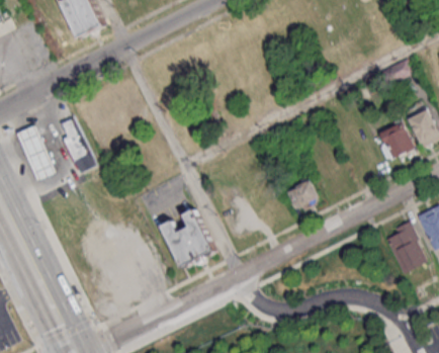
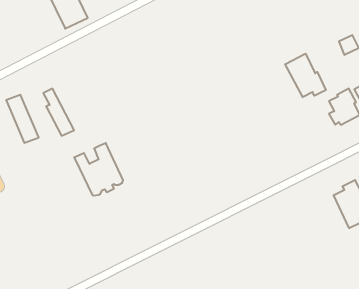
building: none -> [285,54,326,97]
building: [287,179,317,209] -> none
building: [160,209,214,268] -> [74,143,123,196]

